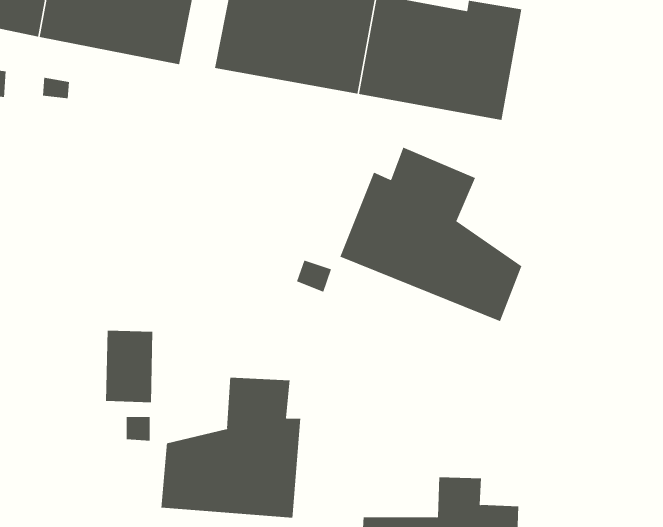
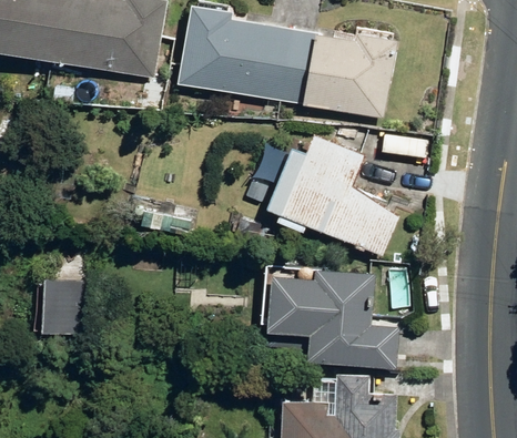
building: none -> [266,268,396,367]
building: [105,330,153,403] -> [41,279,75,332]
building: [161,377,301,518] -> none

